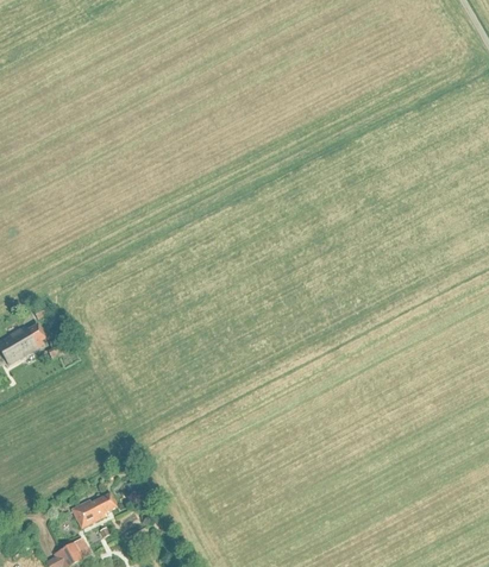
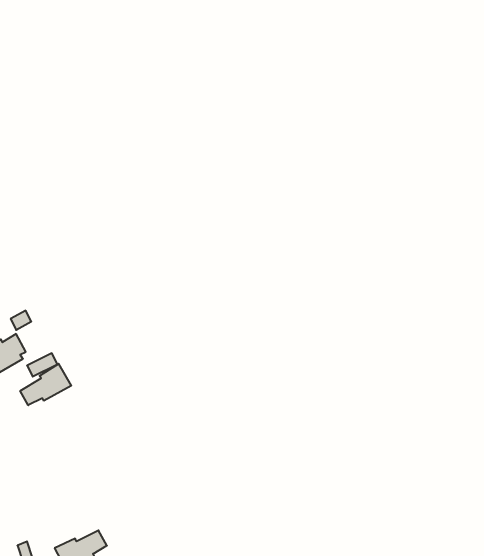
building: none -> [20,364,71,405]

